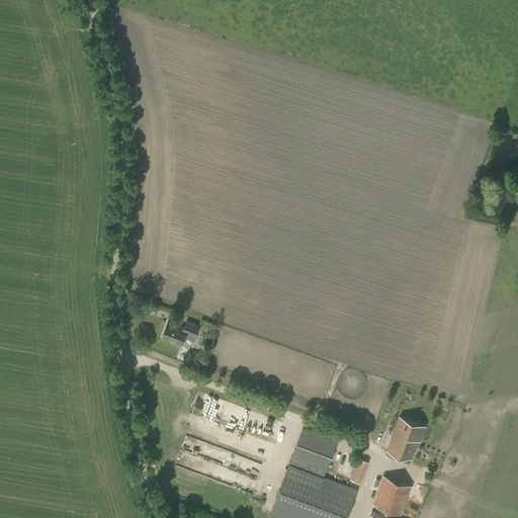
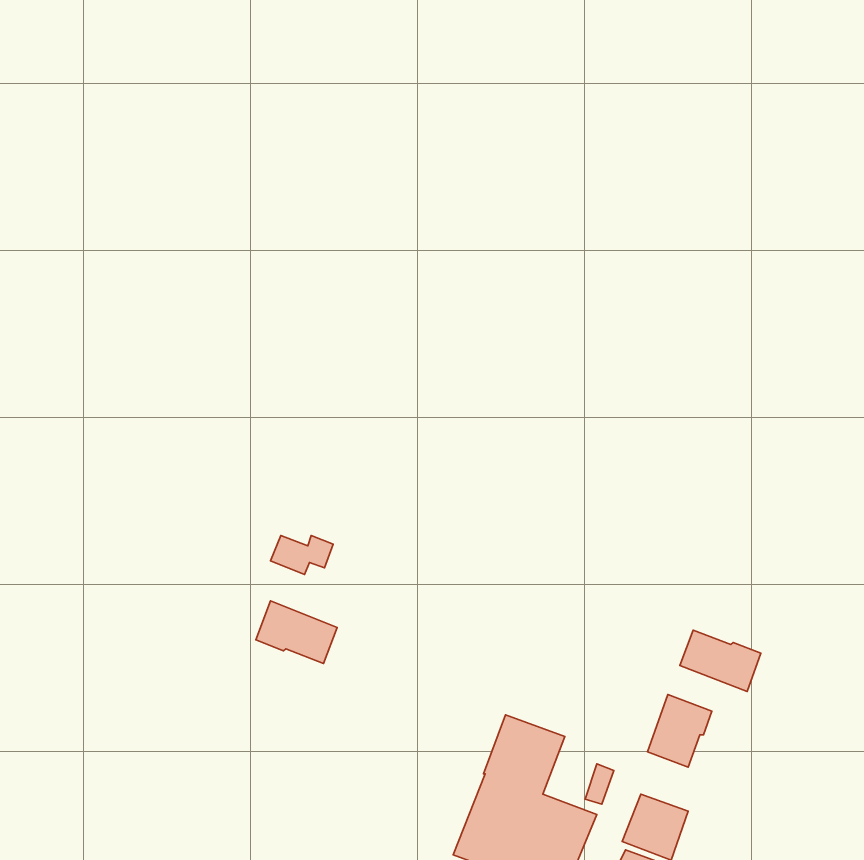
building: none -> [256,601,337,663]
building: none -> [680,630,761,692]

